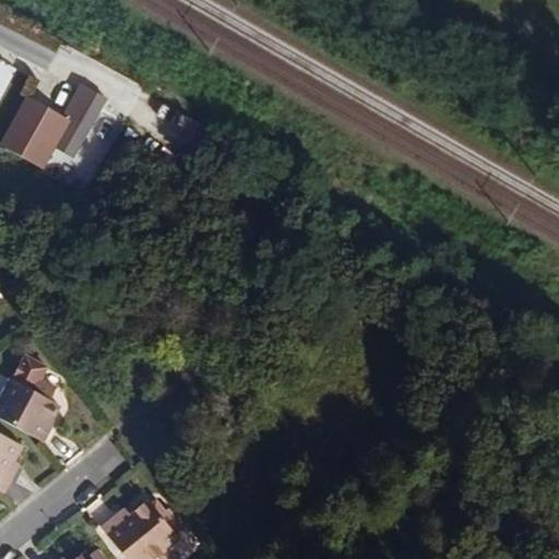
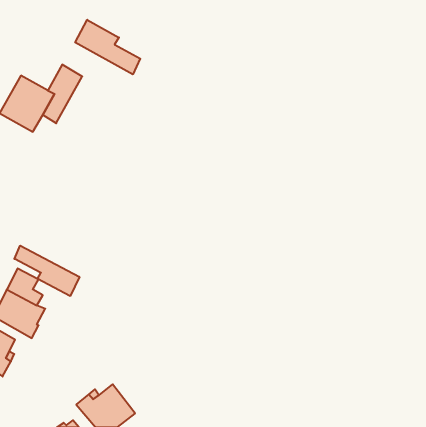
building: none -> [75,20,140,74]
building: none -> [14,246,79,296]

